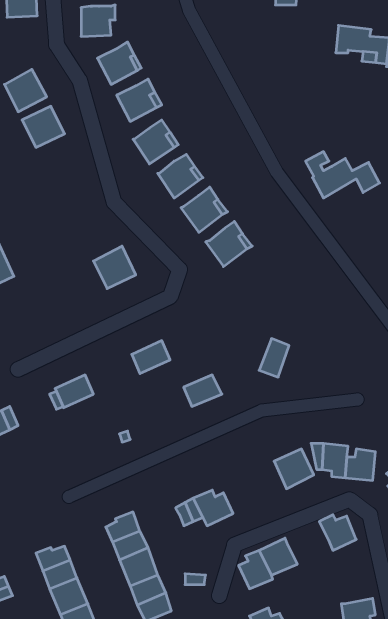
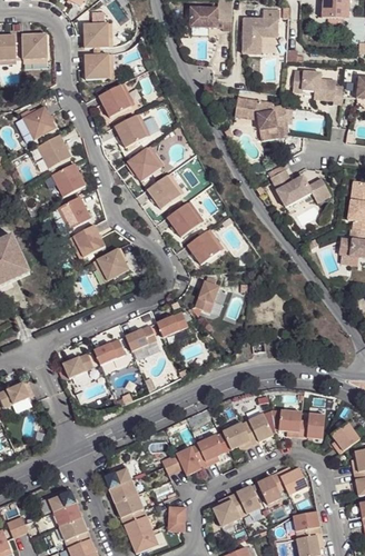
building: none -> [235,98,287,141]
building: none -> [51,162,85,197]
building: none -> [58,196,91,229]
building: none -> [72,224,106,257]
building: [259,339,289,377] -> [195,281,219,312]
building: none -> [93,339,125,365]
building: [184,375,222,406] -> [157,311,188,337]
building: none -> [223,420,251,449]
building: none -> [197,431,225,465]
building: none -> [258,471,286,503]
building: none -> [295,510,322,538]

